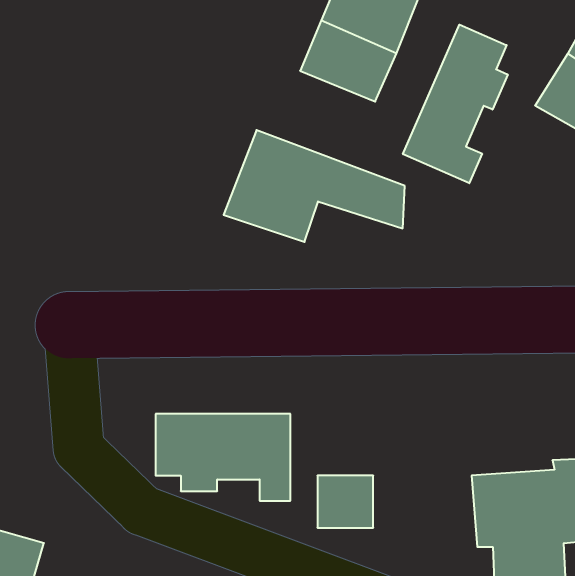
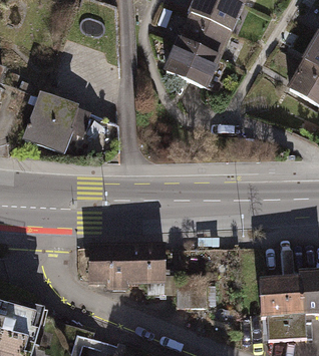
building: [403,25,508,183] -> none
building: [224,130,405,242] -> [22,93,116,151]

